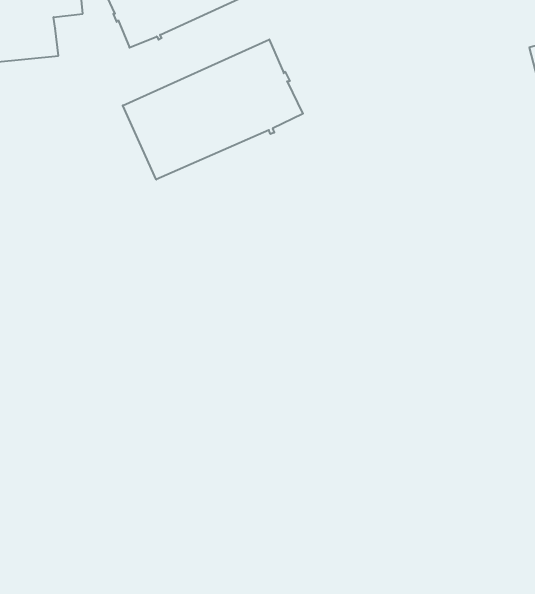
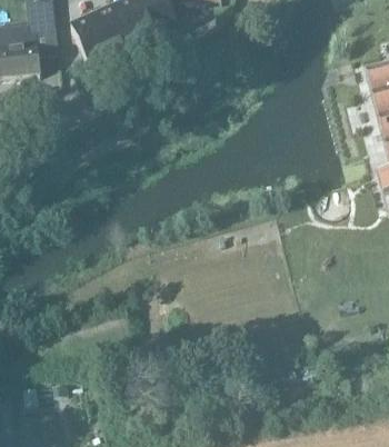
building: [123,39,303,180] -> none

